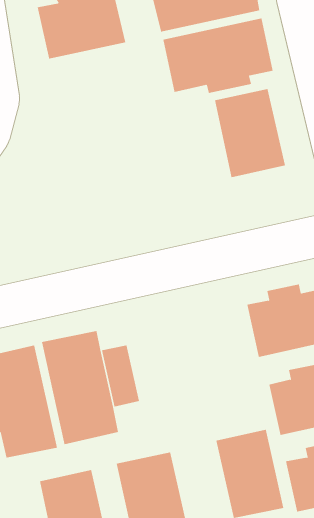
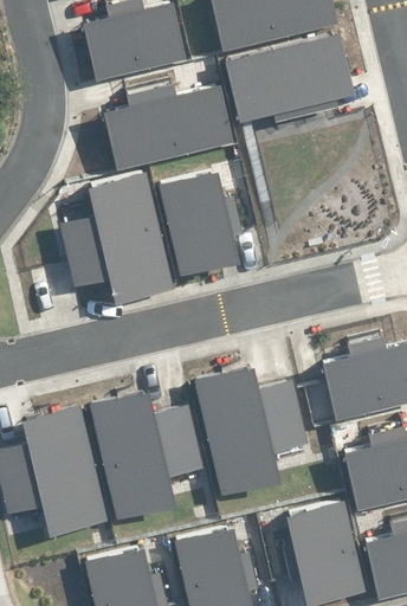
building: none -> [102,82,232,169]
building: [214,89,286,178] -> [159,173,240,275]
building: none -> [58,173,173,302]
building: none -> [192,366,304,494]

